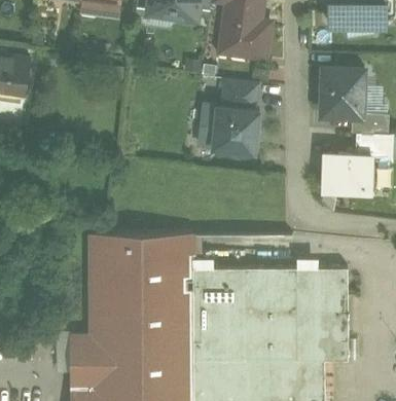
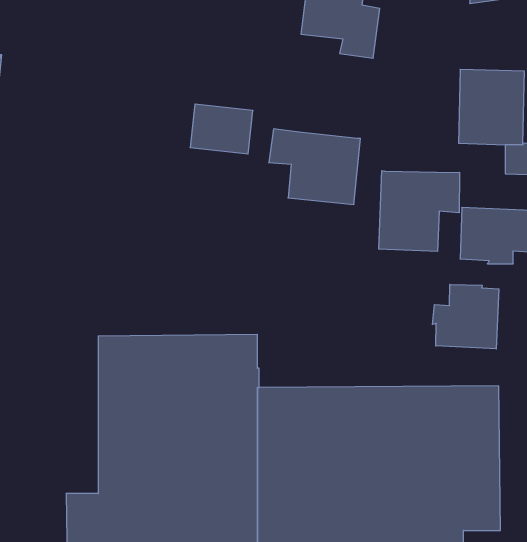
building: [219,79,259,111] -> [190,104,253,154]
building: none -> [379,171,459,251]
building: none -> [432,284,499,349]

